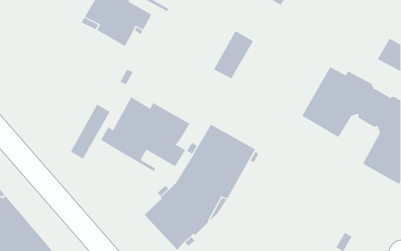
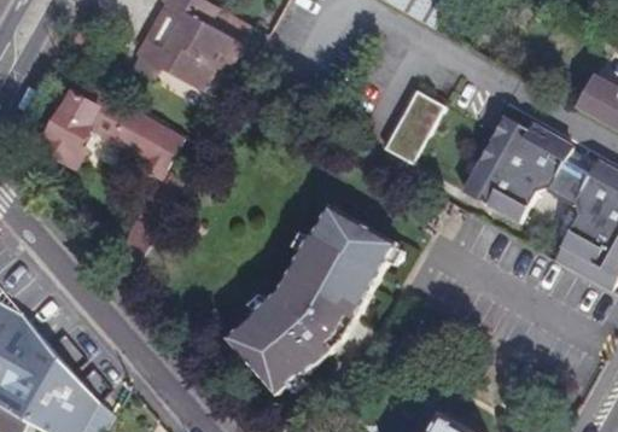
building: [213,31,254,79] -> [384,92,444,164]
building: none -> [39,82,175,165]
building: [100,96,190,172] -> none

